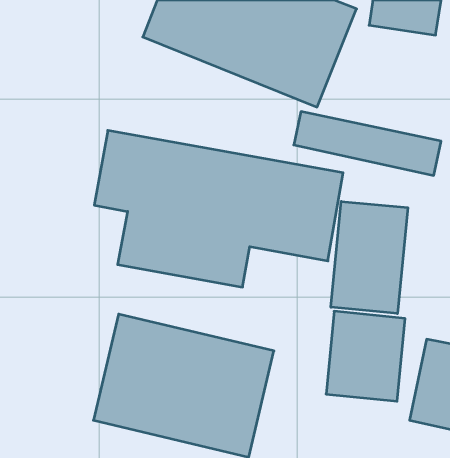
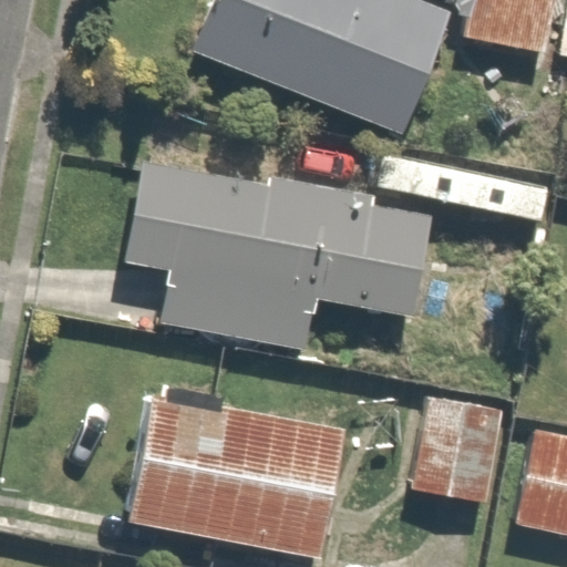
building: [331,201,408,314] -> none

